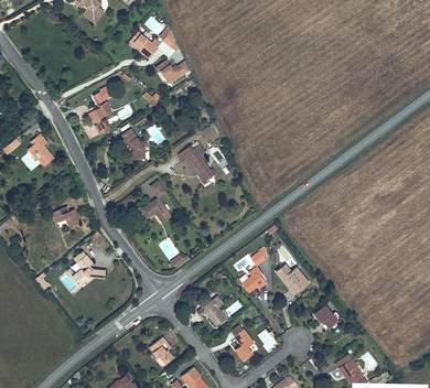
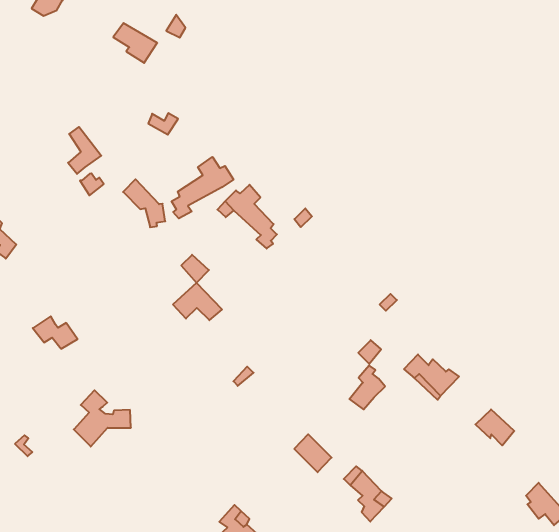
building: [155,57,192,83] -> none
building: none -> [172,157,233,218]

